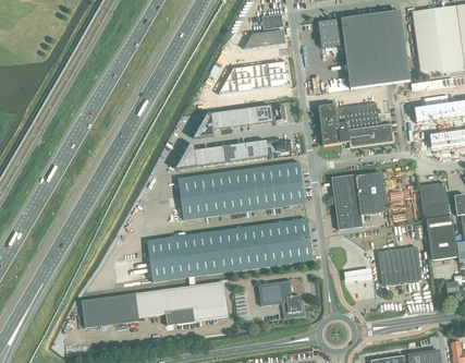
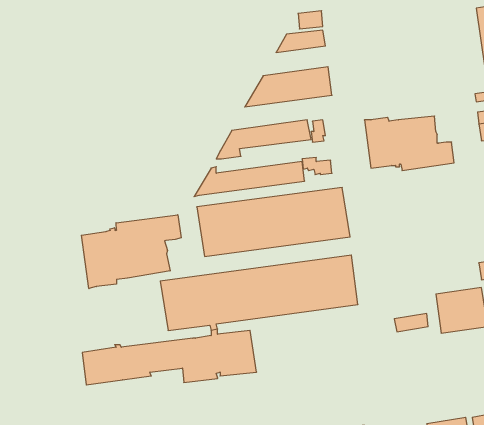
building: [318,10,409,88] -> none
building: [332,172,387,229] -> none
building: none -> [81,215,181,289]
building: [258,280,305,318] -> none

